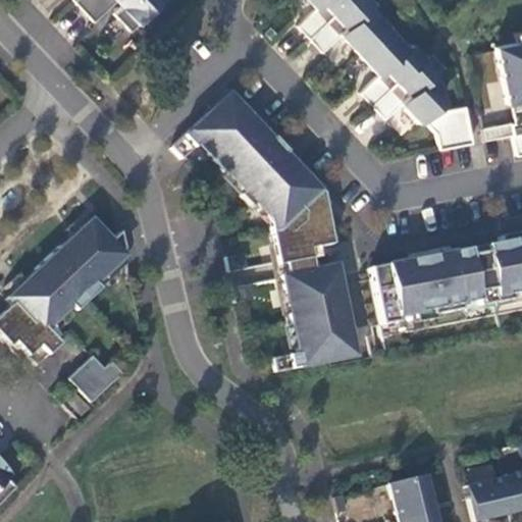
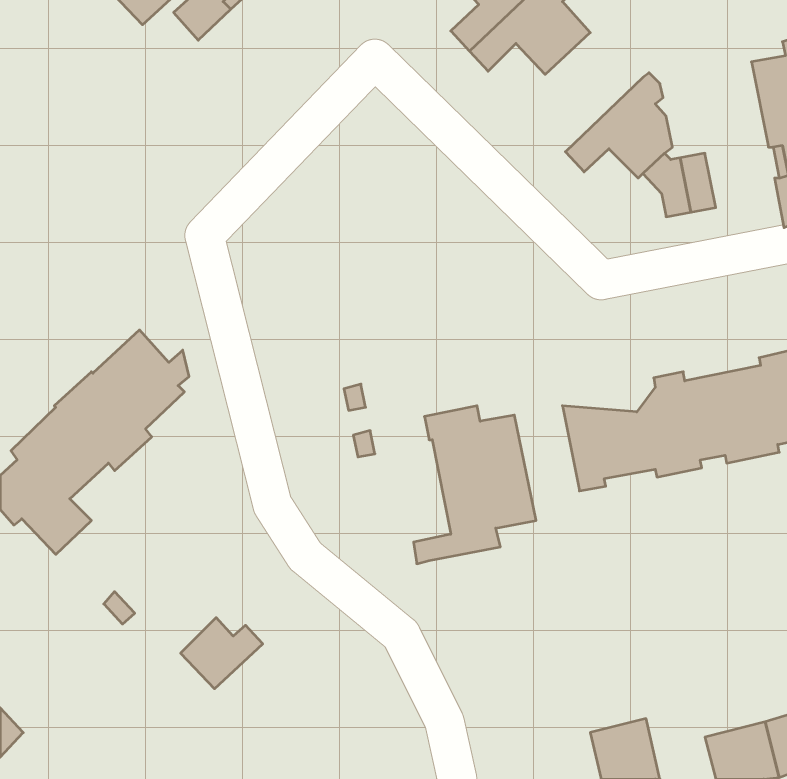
building: [362,21,426,100] -> none
building: [174,101,336,264] -> none
building: [71,355,125,402] -> [181,618,263,689]

